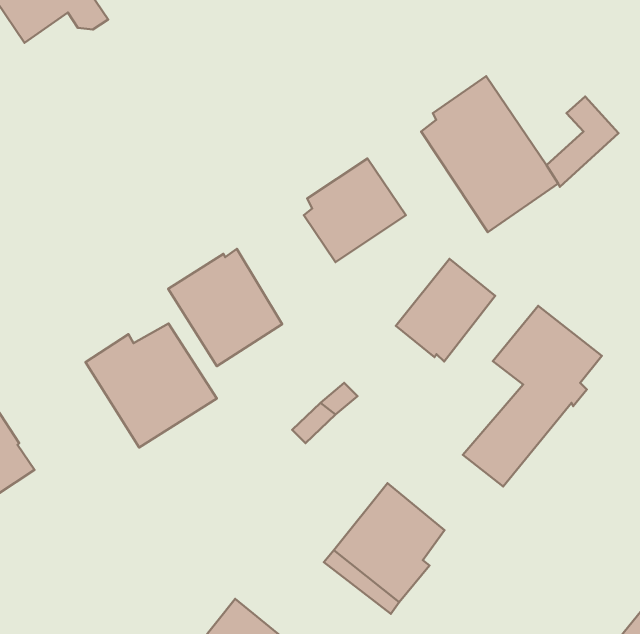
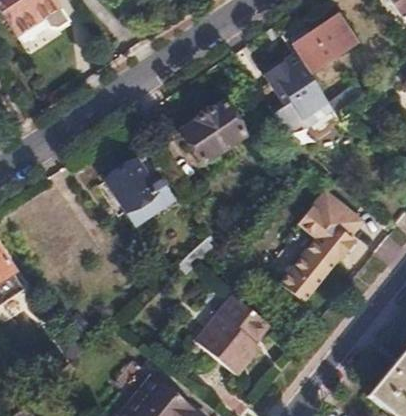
building: none -> [297,18,356,73]
building: [396,259,495,362] -> none
building: [86,324,217,448] -> none

